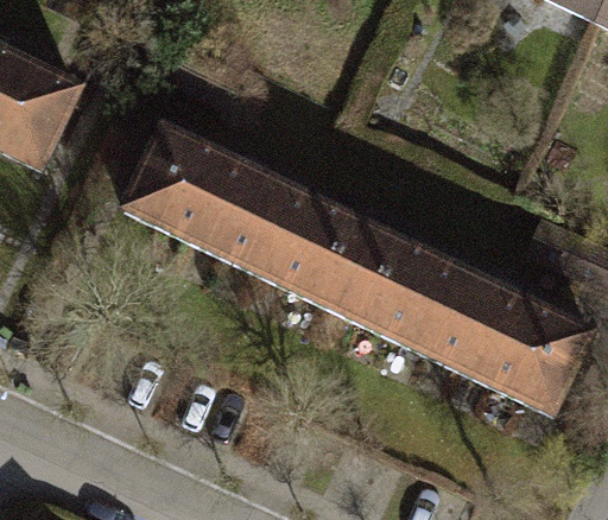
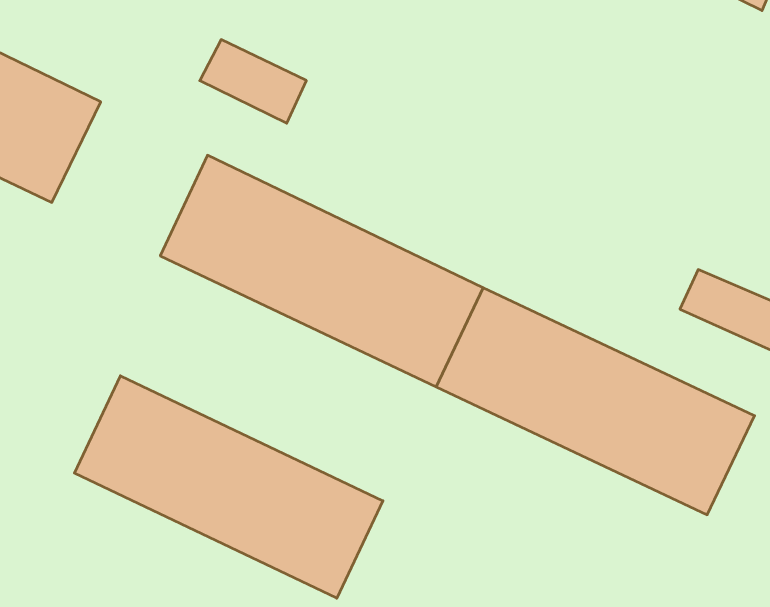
building: none -> [74,376,383,598]

